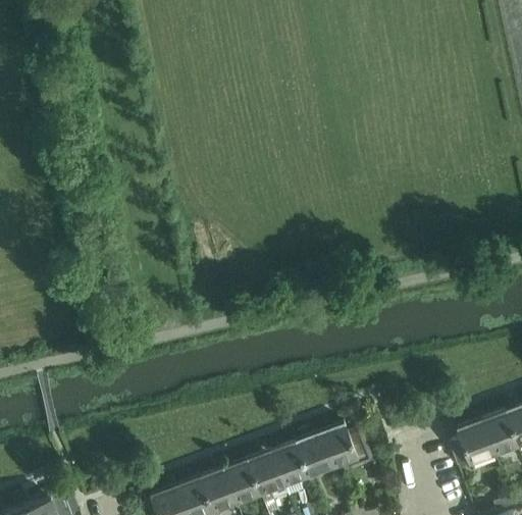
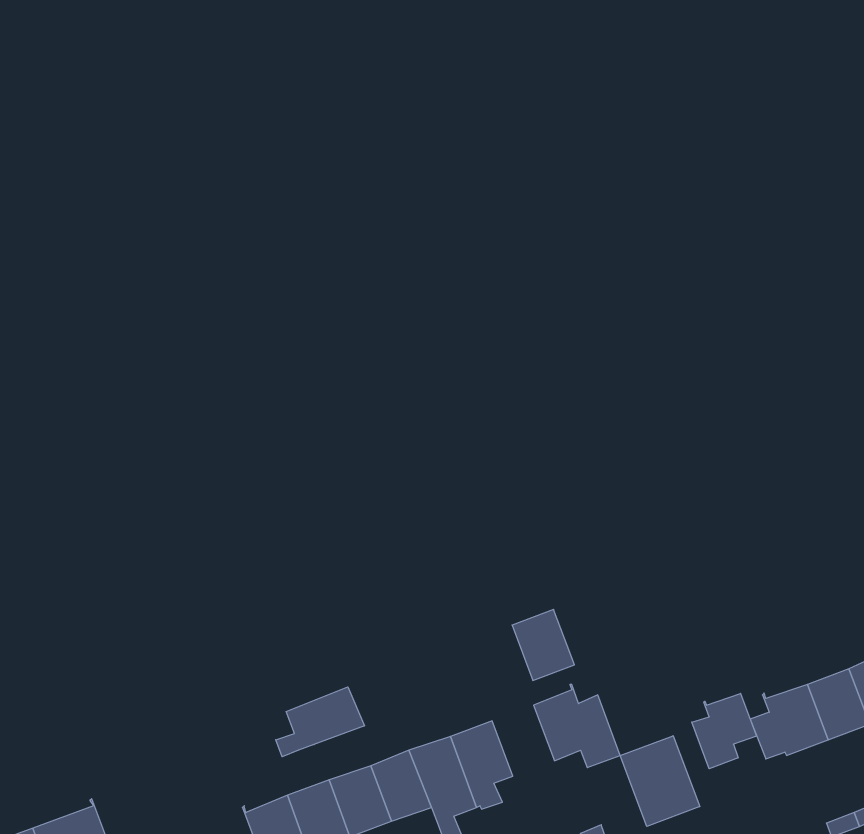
building: none -> [276,687,364,757]
building: none -> [692,693,757,769]
building: [296,433,332,475] -> [512,609,574,680]
building: none -> [620,736,700,826]

